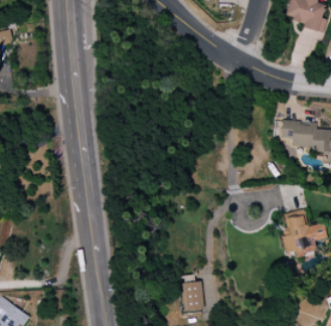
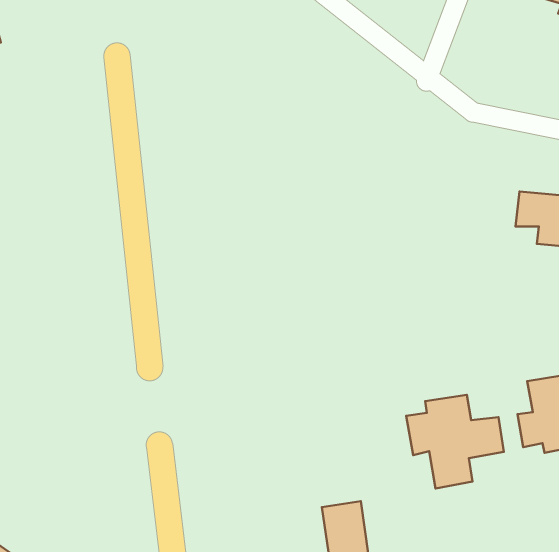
building: none -> [406,395,504,488]

